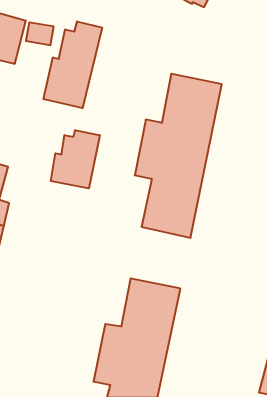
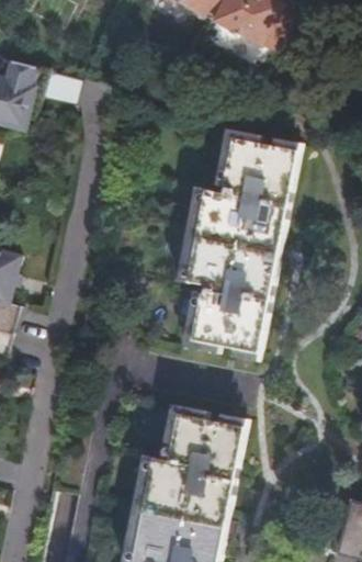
building: [44,21,102,108] -> none
building: [51,130,100,188] -> none

